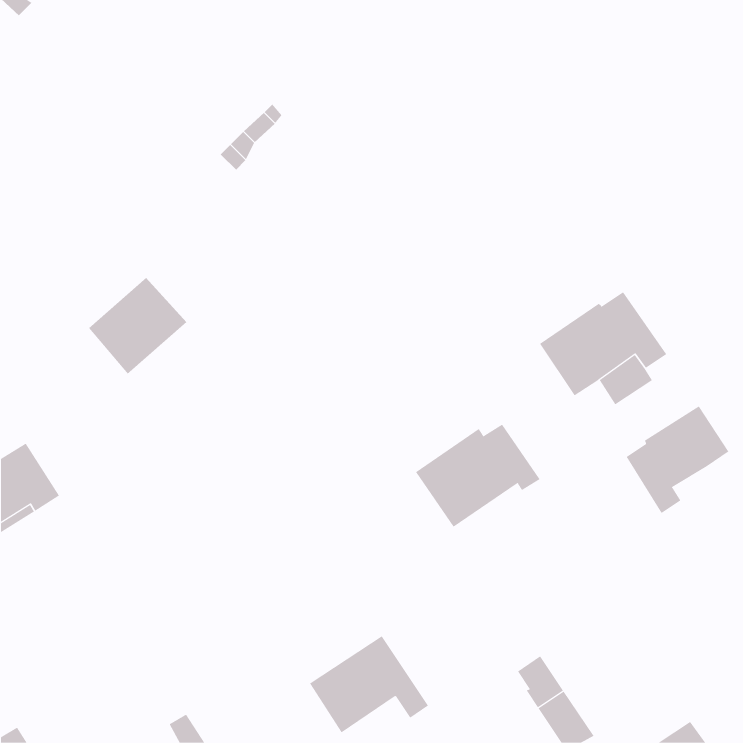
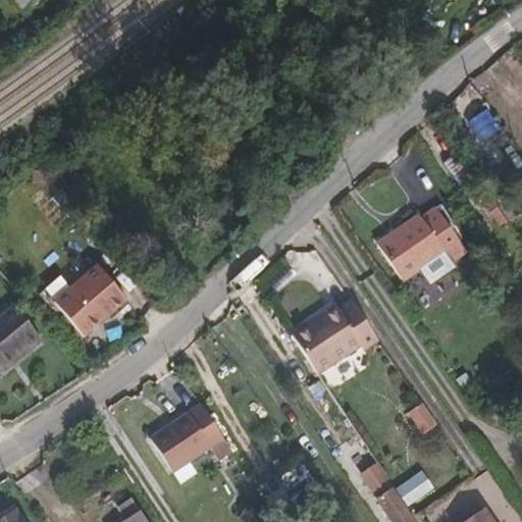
building: [88,277,187,375] -> [55,269,124,337]
building: [626,405,729,514] -> none
building: [309,635,429,733] -> [149,405,232,473]

